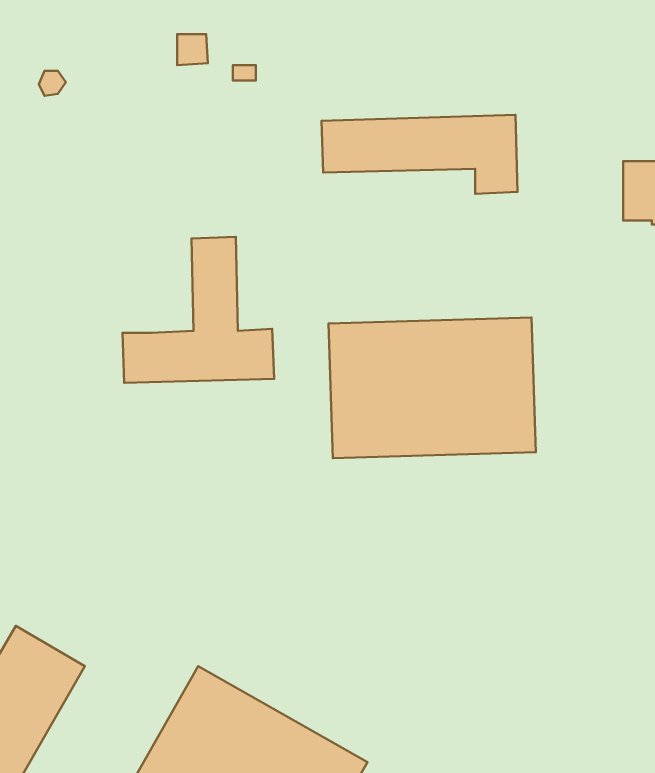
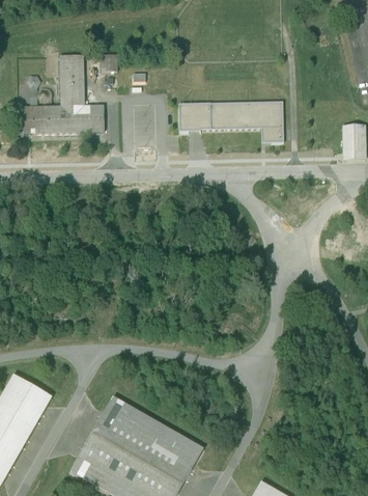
building: [122,237,274,383] -> [22,55,104,134]
building: [329,317,536,458] -> none

